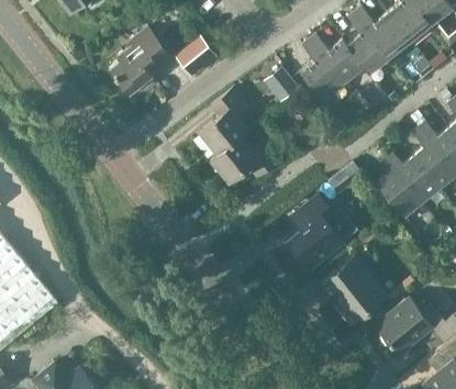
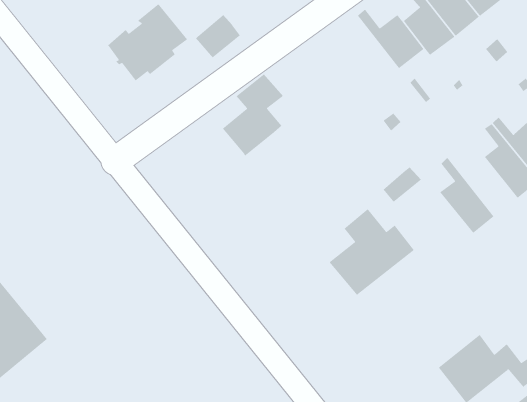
building: [299,40,343,100] -> none
building: [264,66,299,102] -> none
building: [209,135,279,182] -> none
building: [382,149,440,203] -> none
building: [321,258,385,323] -> none

